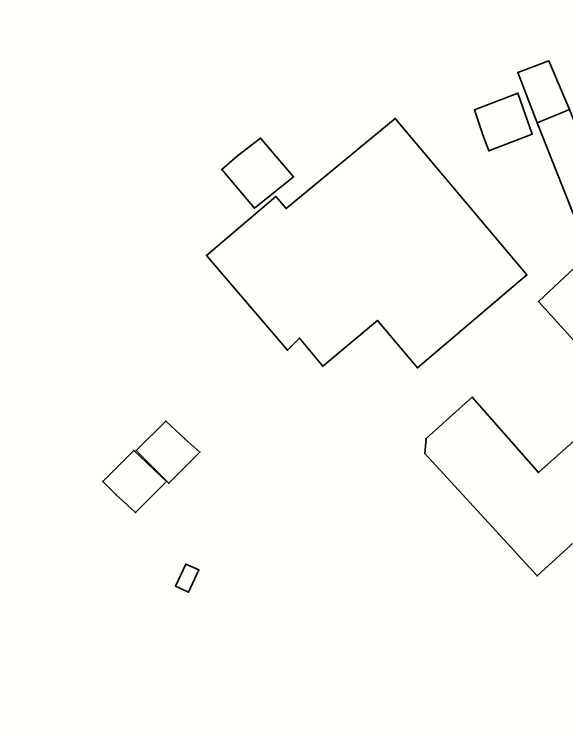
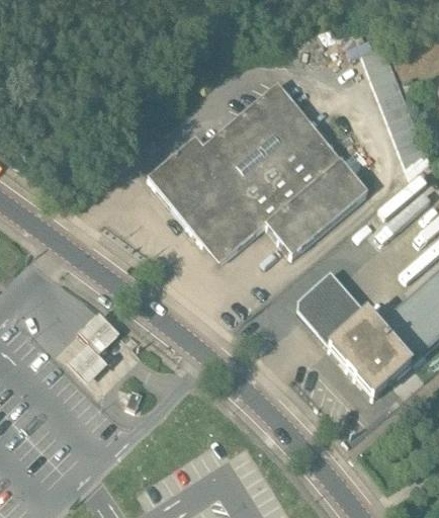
building: [474,93,532,151] -> none
building: [222,138,293,208] -> none
building: [136,421,200,483] -> [67,341,110,383]

